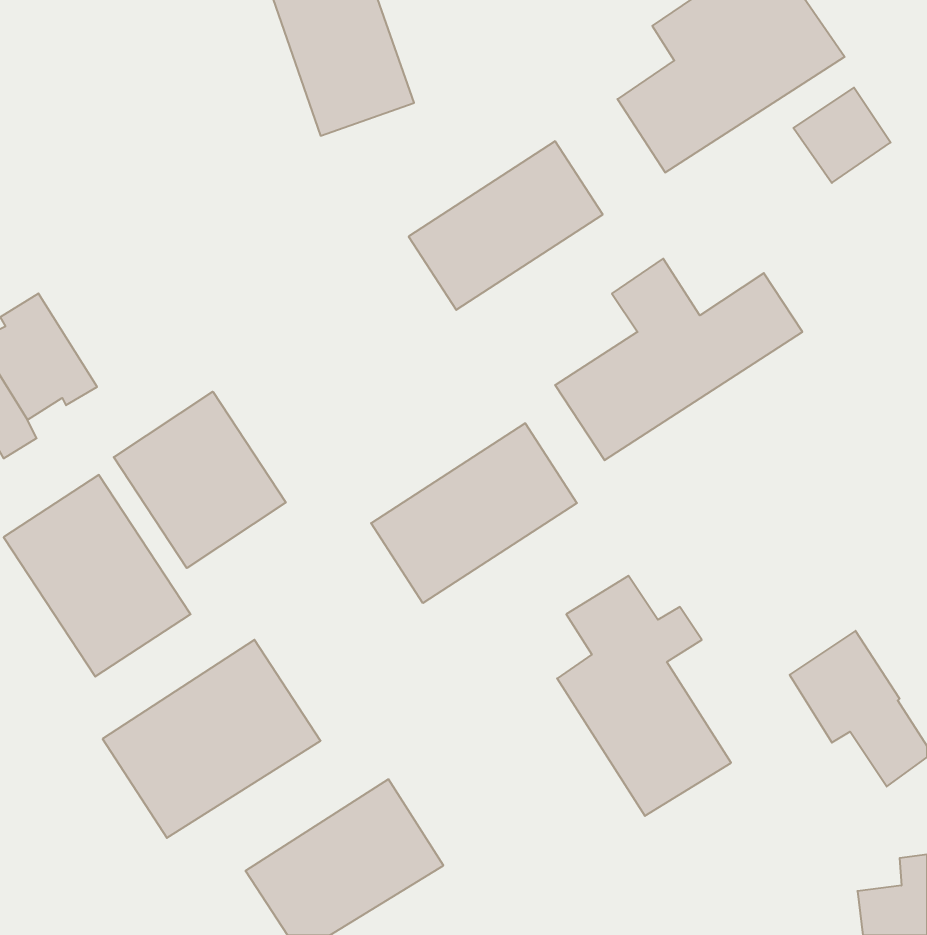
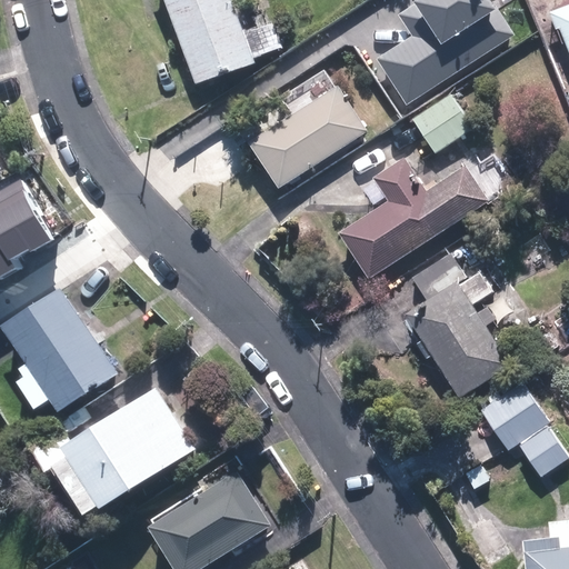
building: [793,88,891,183] -> [410,96,469,153]
building: [114,392,286,568] -> none
building: [371,423,577,603] -> none
building: [557,576,731,816] -> [403,252,509,398]

